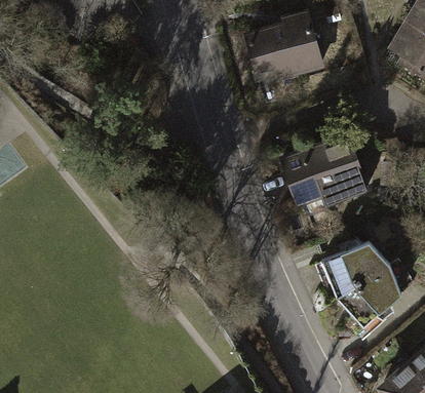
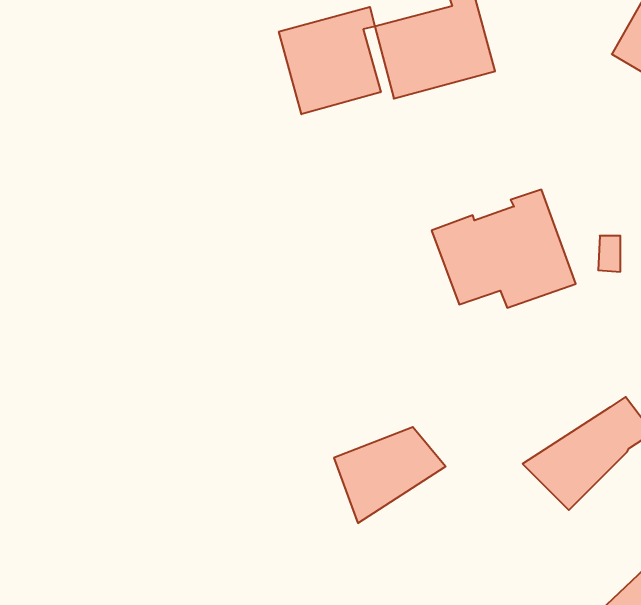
building: none -> [279,7,381,114]
building: [321,240,388,298] -> [334,427,446,523]

